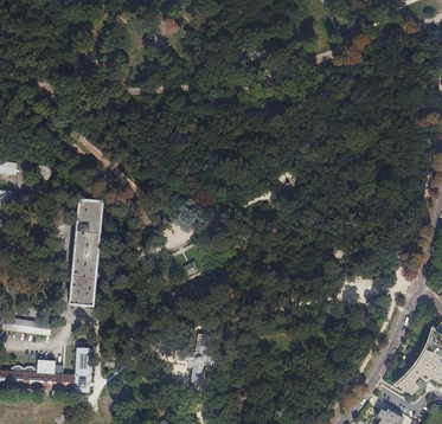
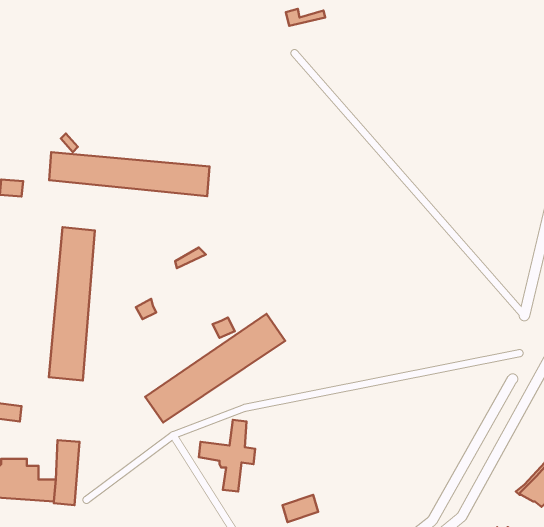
building: none -> [49,152,209,196]
building: none -> [145,314,285,423]

